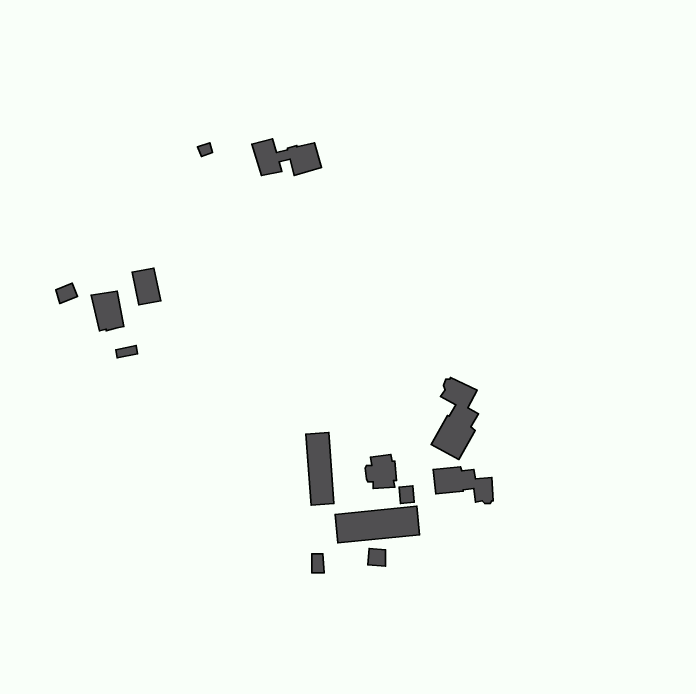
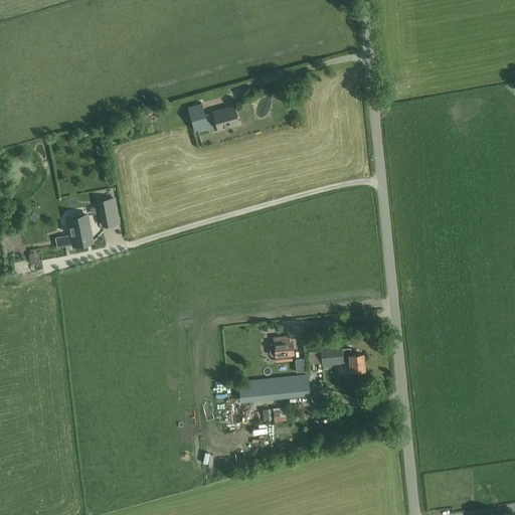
building: [431,378,478,459] -> none
building: [306,432,334,505] -> none

